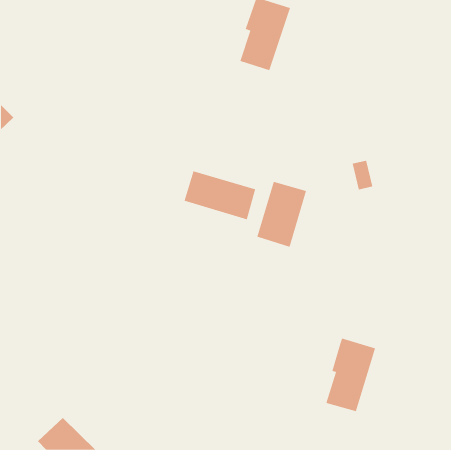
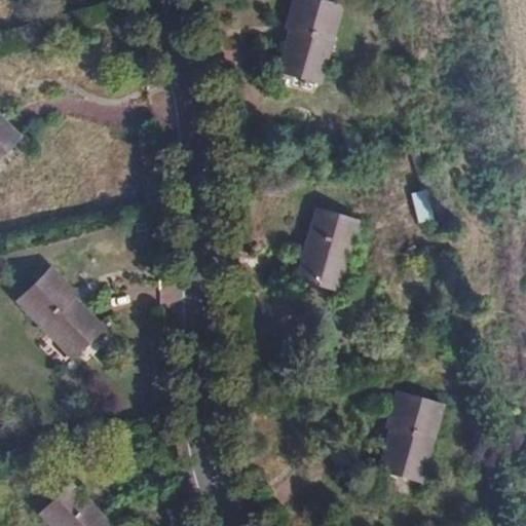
building: [184,171,256,220] -> none
building: none -> [23,273,104,358]

